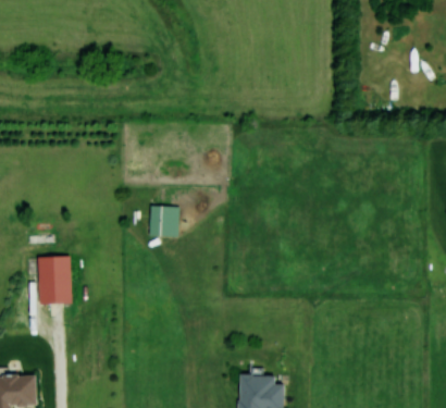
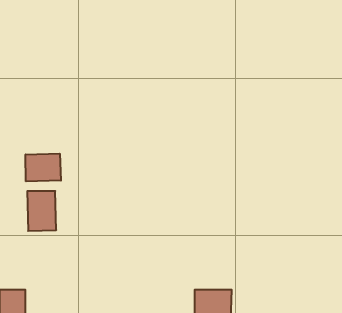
building: [150,206,178,237] -> none
building: none -> [26,154,61,181]

